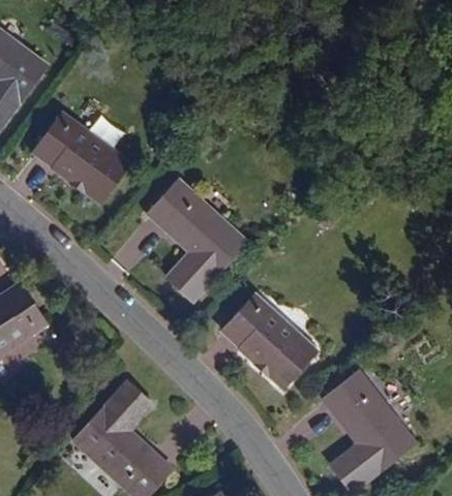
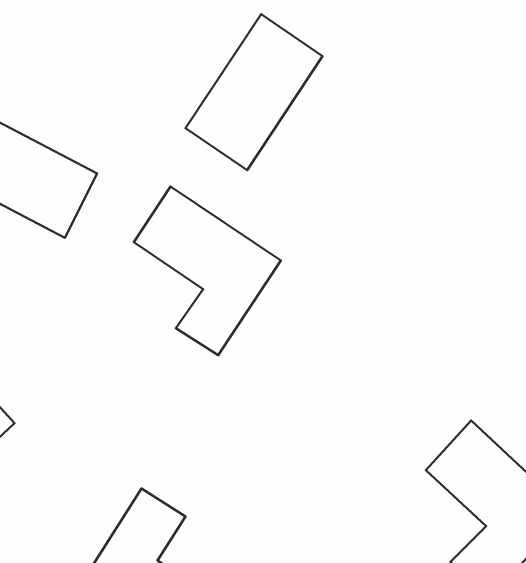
building: none -> [186,14,323,170]
building: [221,293,317,386] -> none

